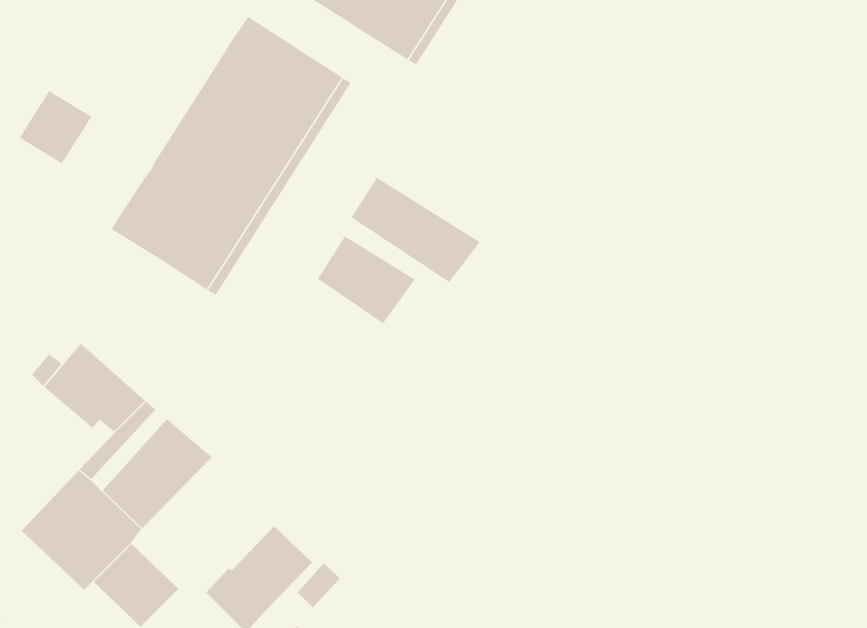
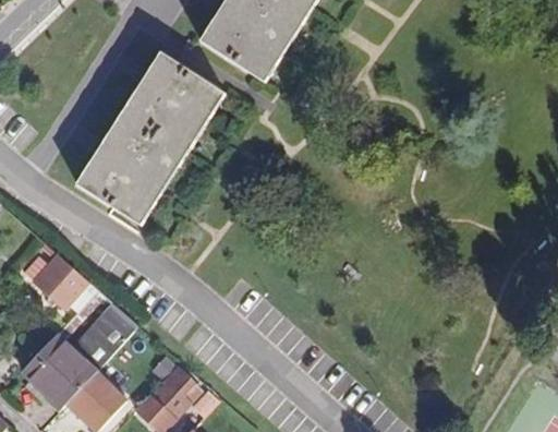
building: [19,90,92,164] -> none
building: [351,177,481,283] -> none
building: [317,235,415,324] -> none

